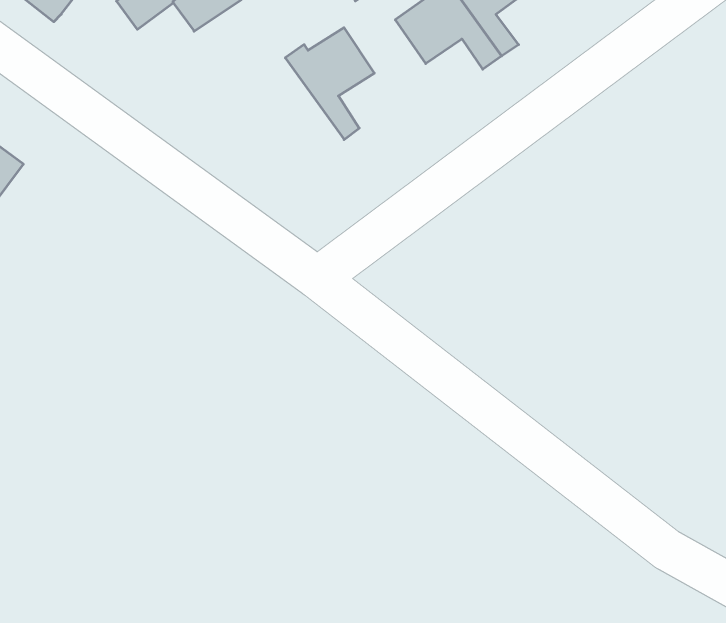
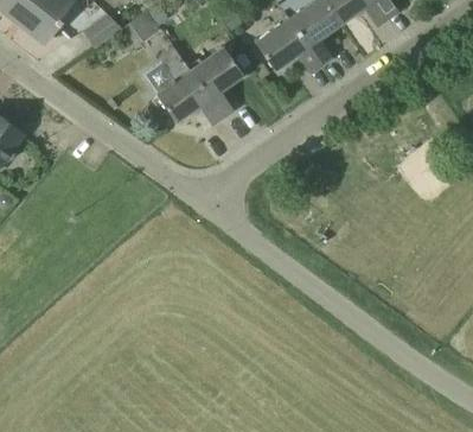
building: none -> [156,47,224,126]

